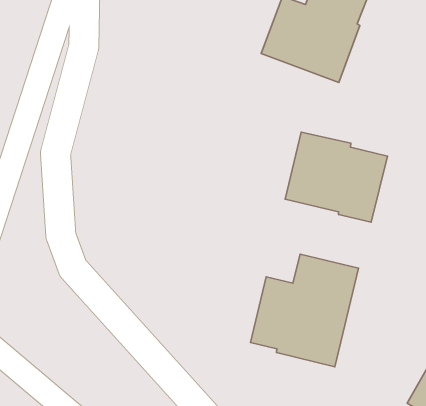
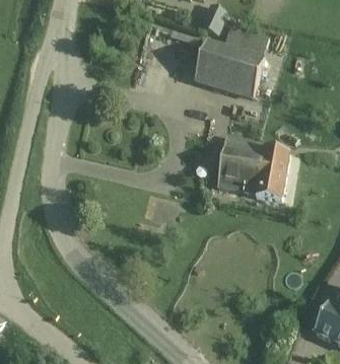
building: [250,254,358,367] -> none

